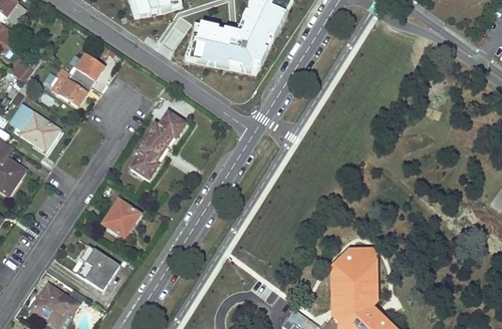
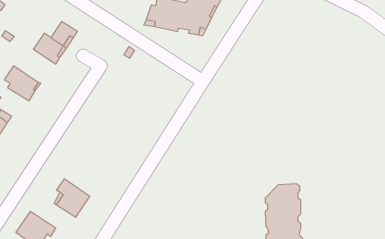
building: [132,111,186,178] -> none
building: [102,199,141,236] -> none

